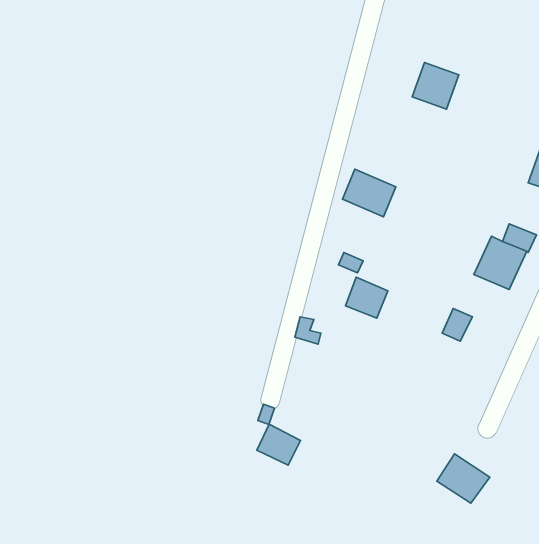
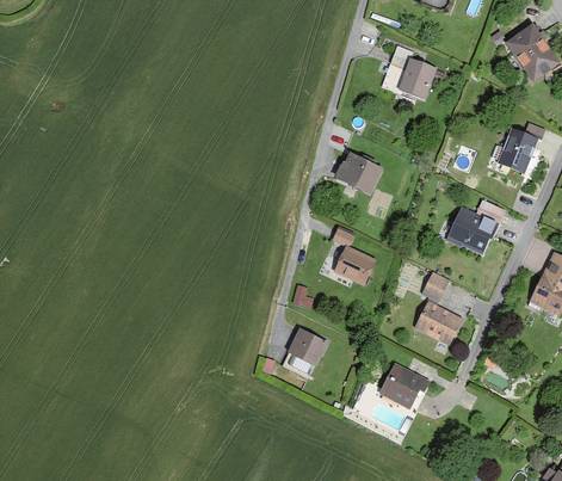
building: none -> [413,301,461,346]
building: [257,424,301,465] -> [288,329,326,365]
building: [437,454,490,503] -> [384,359,431,402]

